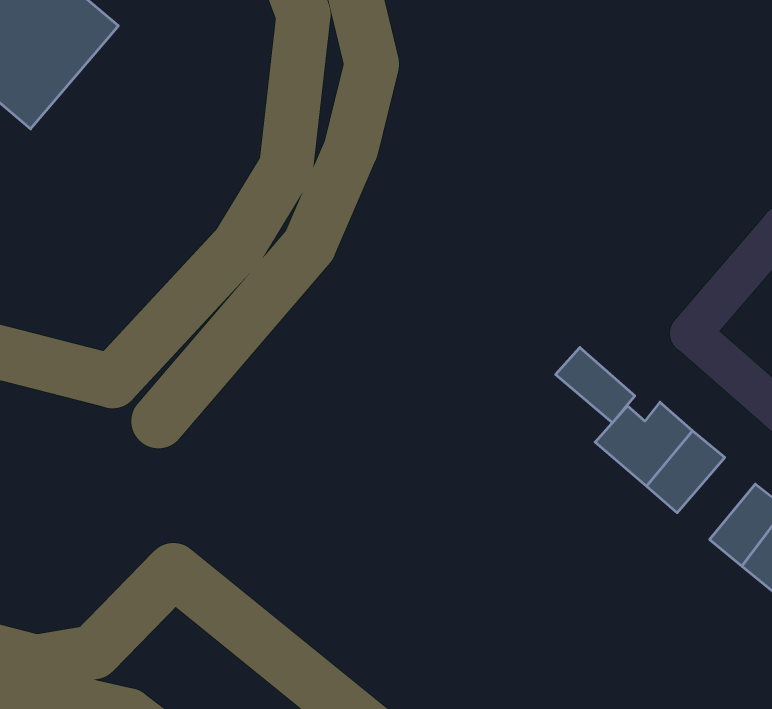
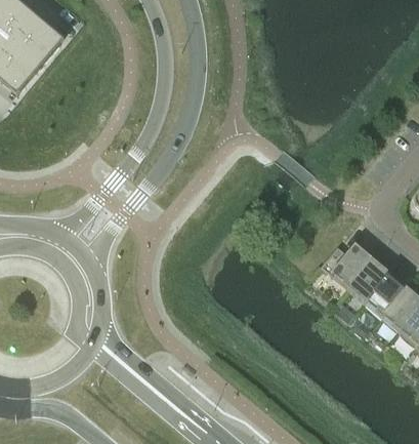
building: [556,347,635,423] -> none
building: none -> [366,272,408,316]

